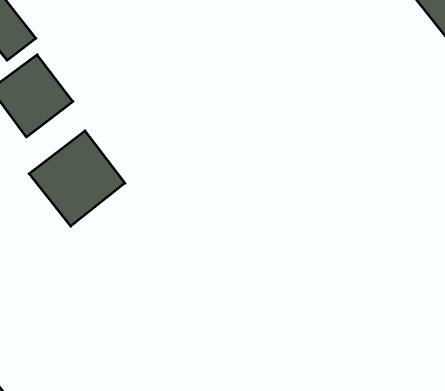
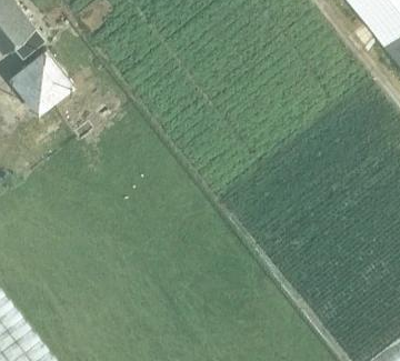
building: [29,131,125,226] -> none

